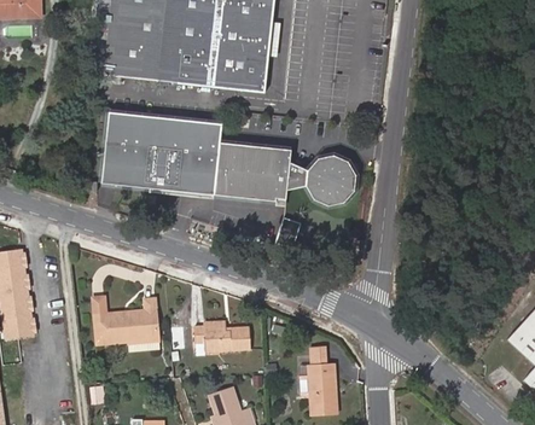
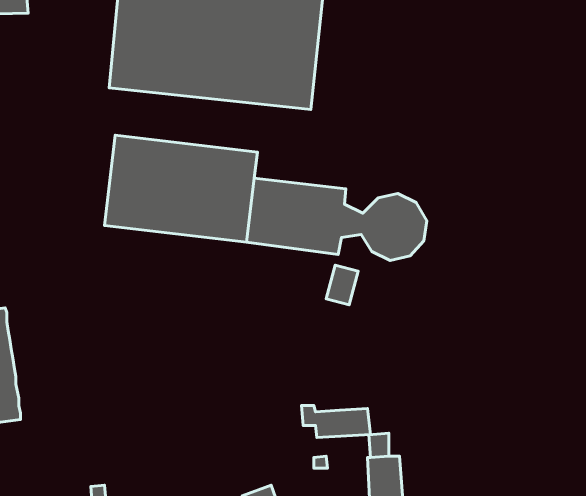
building: [91,296,159,344] -> none
building: [194,326,249,351] -> [302,406,370,438]

